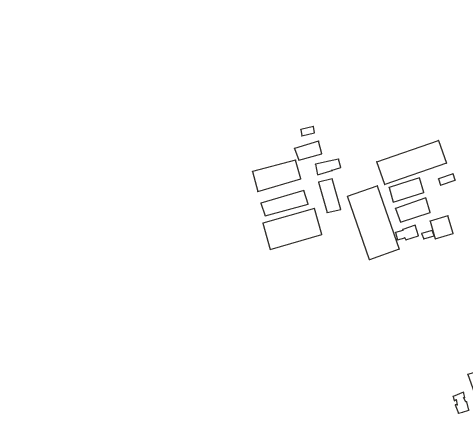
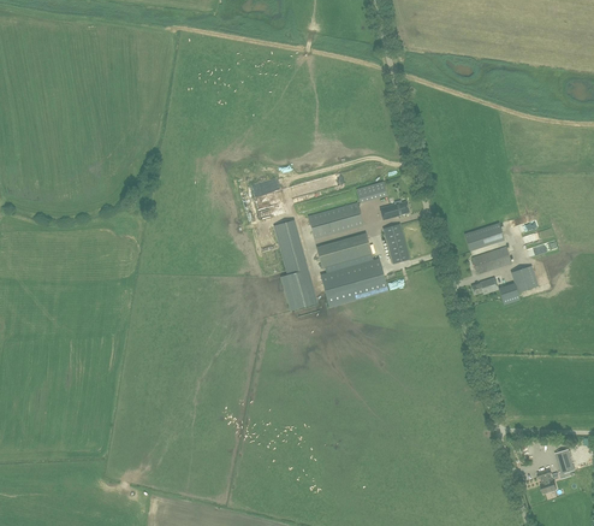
building: [377,140,446,185] -> none
building: none -> [273,219,316,308]
building: [348,186,399,260] -> none

